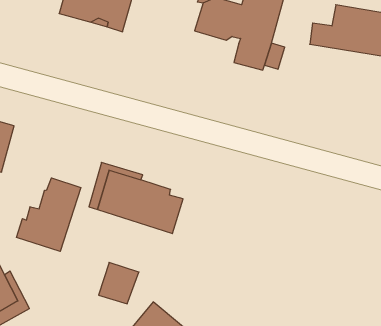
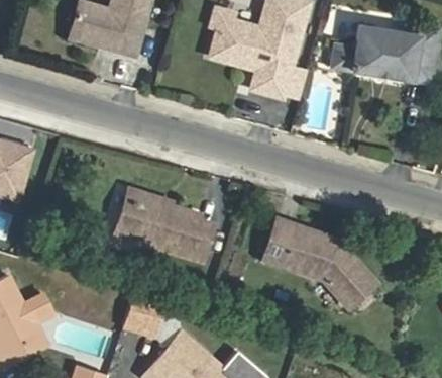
building: [17,178,81,251] -> none
building: none -> [258,220,369,306]

